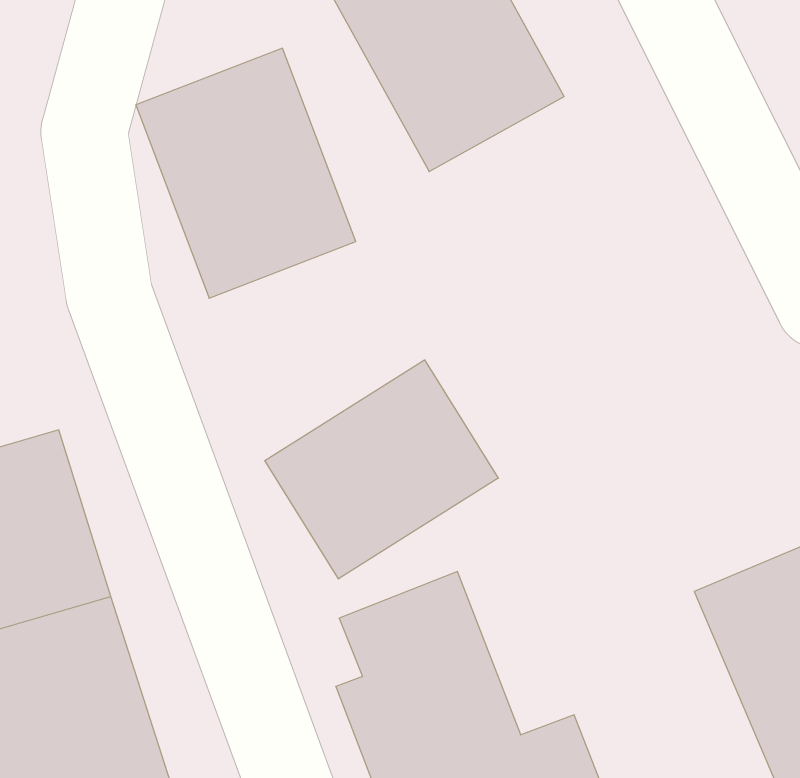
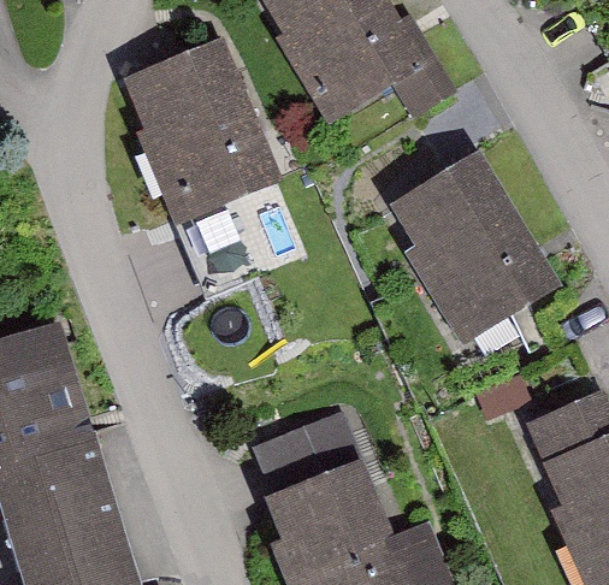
building: none -> [380,159,551,341]
building: [265,360,498,579] -> none

